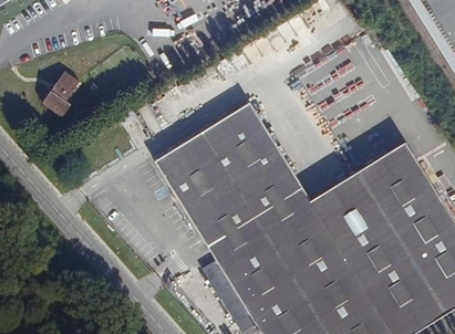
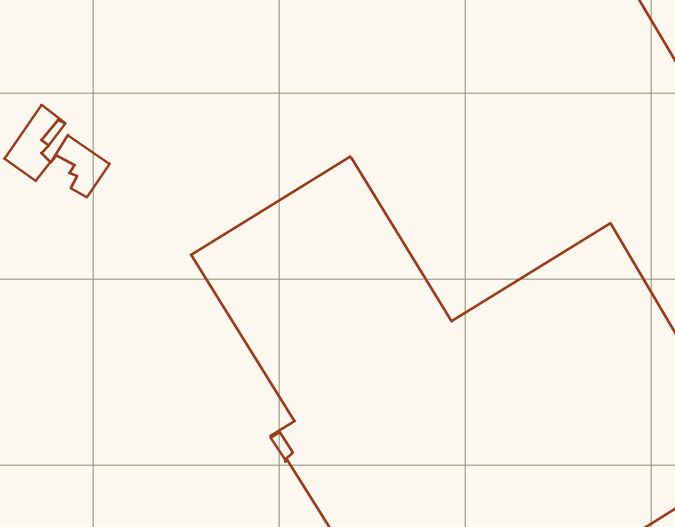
building: none -> [51,135,110,197]

